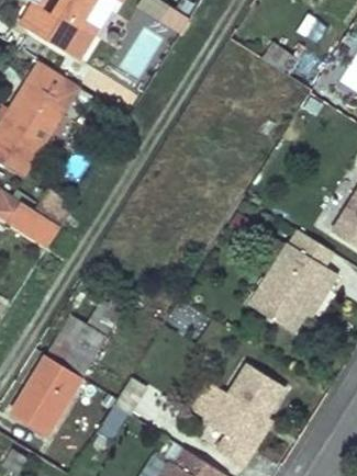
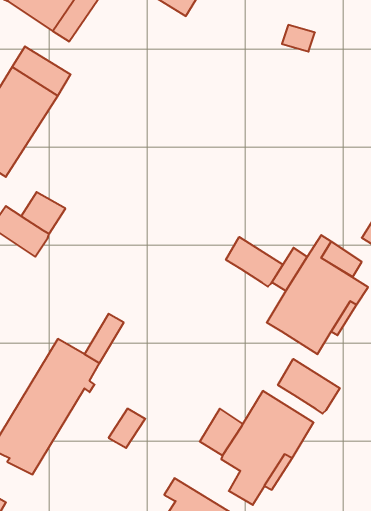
building: none -> [226,237,283,287]
building: none -> [278,359,340,414]

